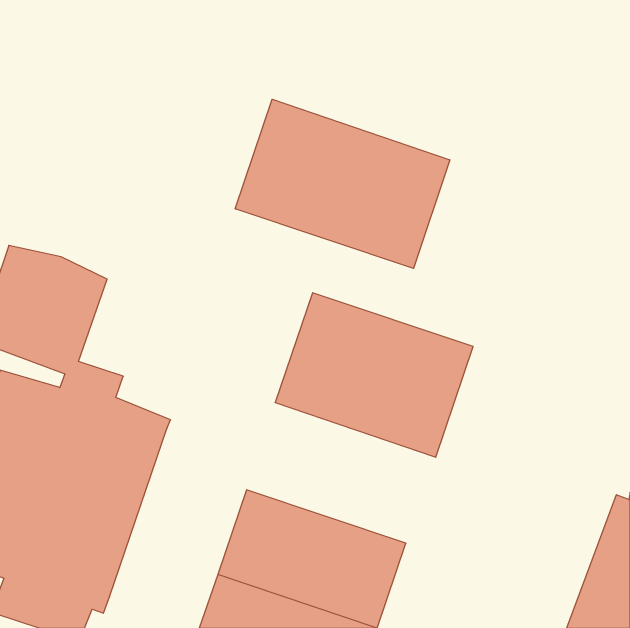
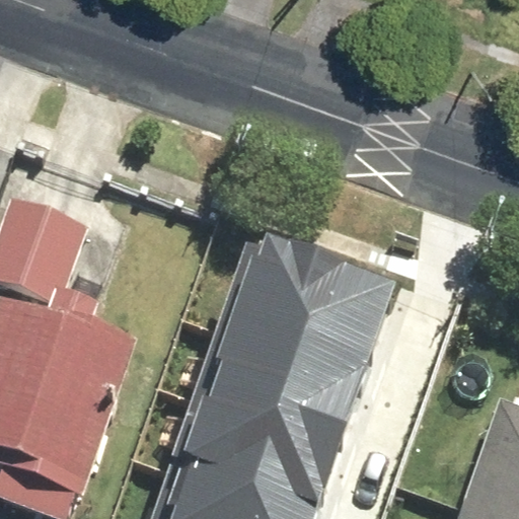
building: [235,99,450,268] -> none
building: none -> [201,327,355,442]

